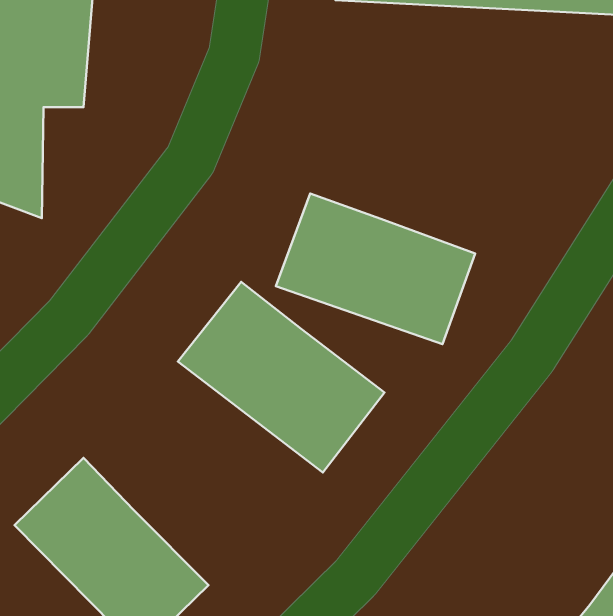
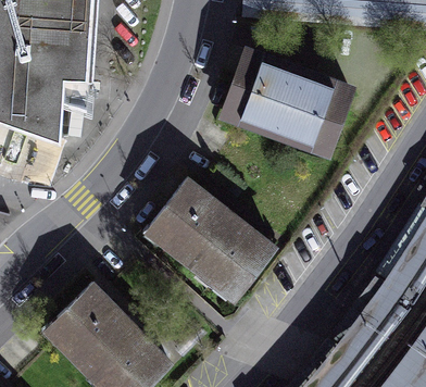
building: [276,194,475,344] -> [227,59,347,149]

